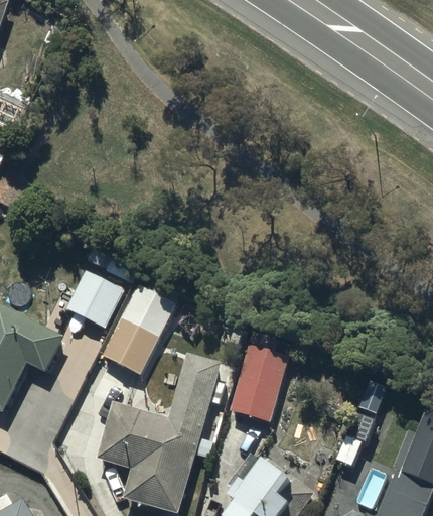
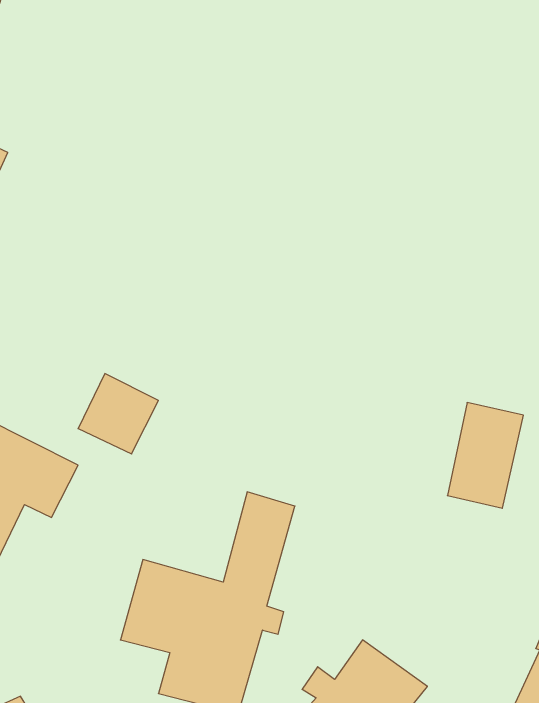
building: [104,286,173,373] -> none
building: [230,346,284,421] -> [447,403,523,508]

